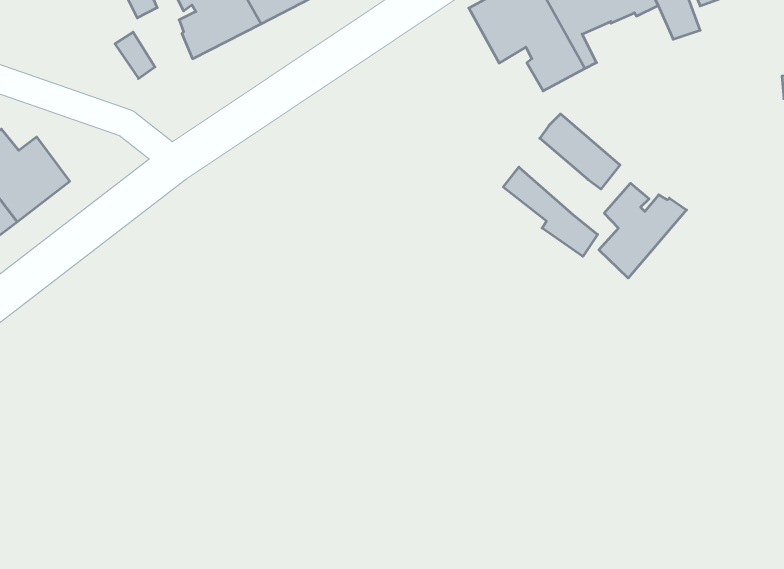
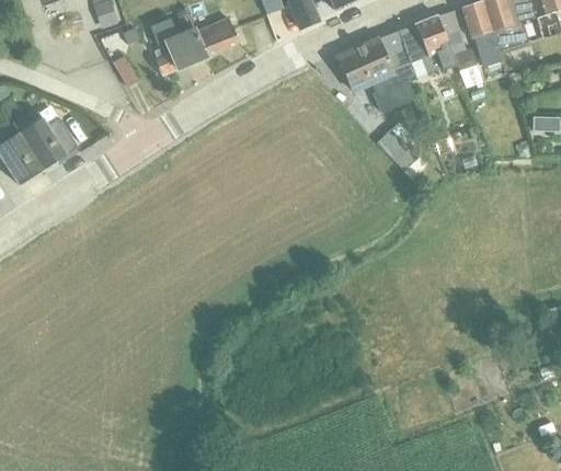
building: [503,167,598,256] -> none
building: [599,183,687,278] -> none

